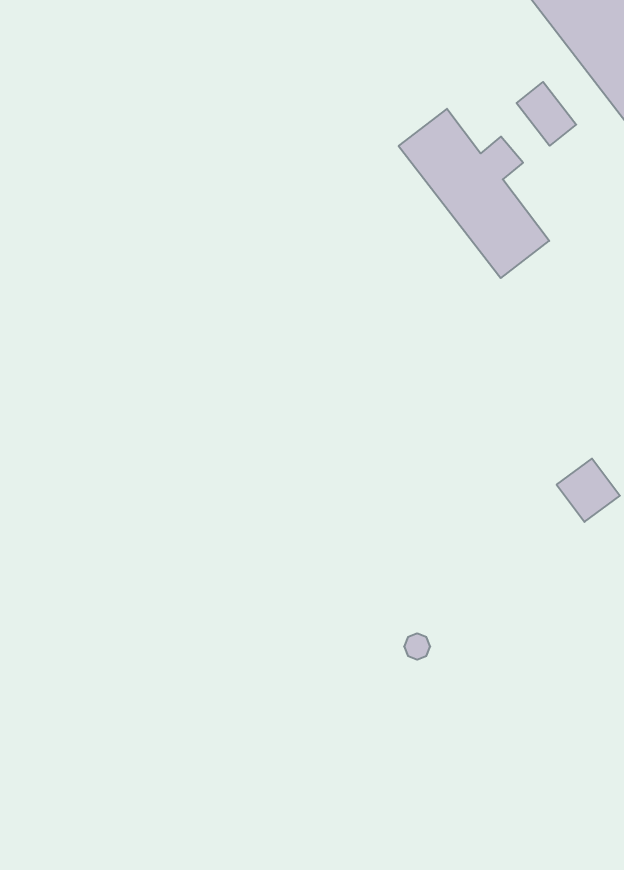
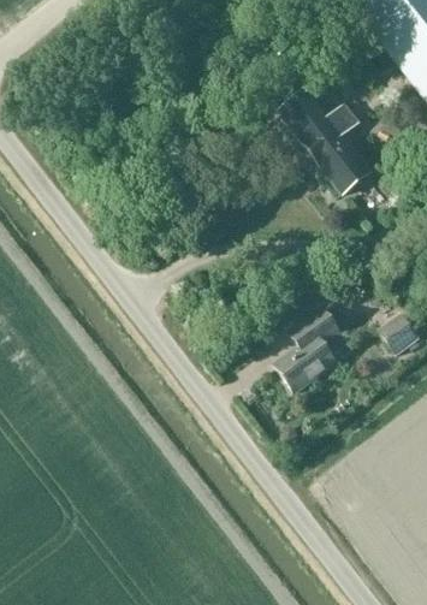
building: [517,82,576,146] -> none
building: none -> [274,308,340,390]

